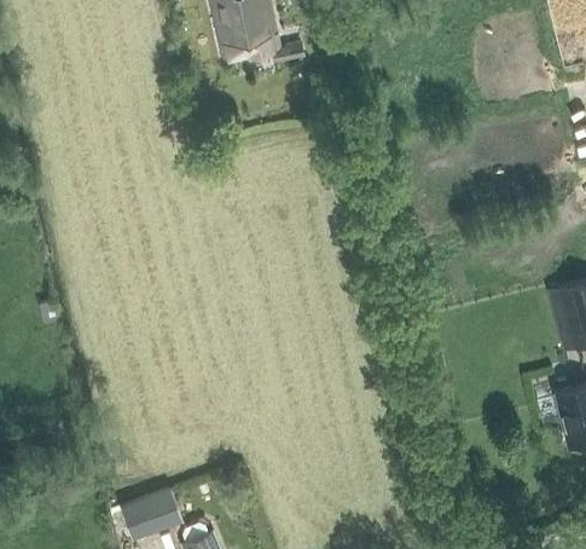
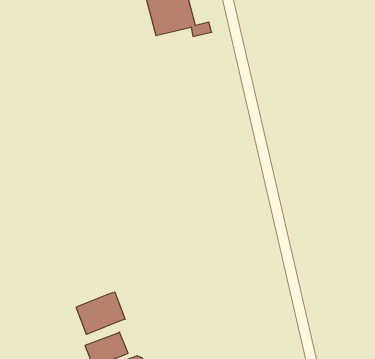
building: none -> [76,292,125,334]

